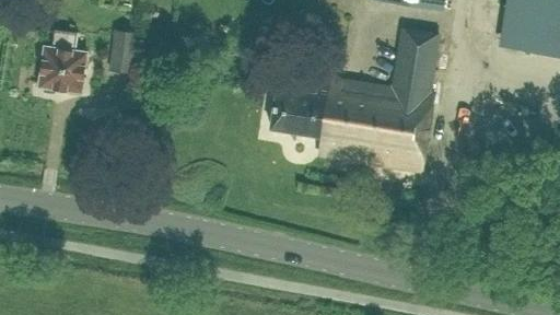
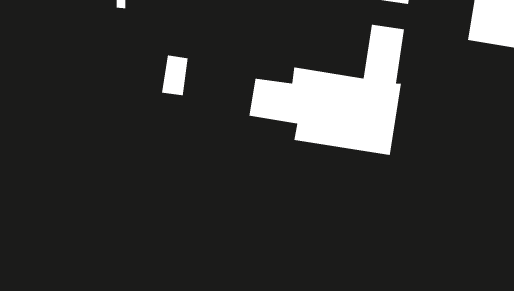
building: [40,28,88,90] -> none
building: [109,28,139,72] -> [161,55,189,96]

